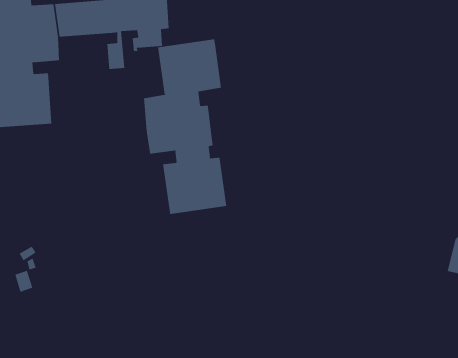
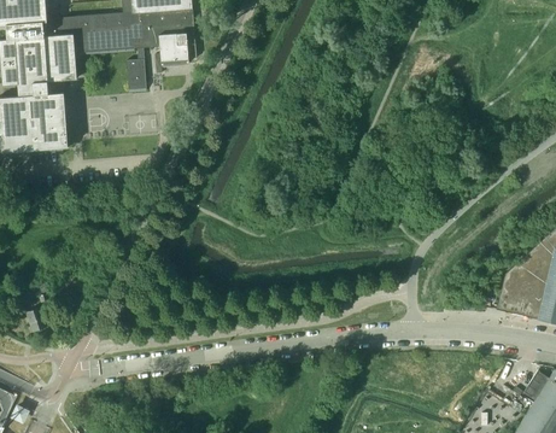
building: [144,39,227,215] -> none

